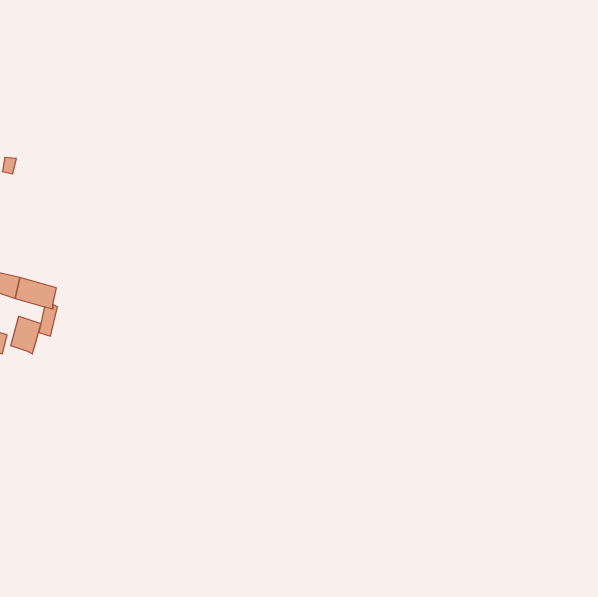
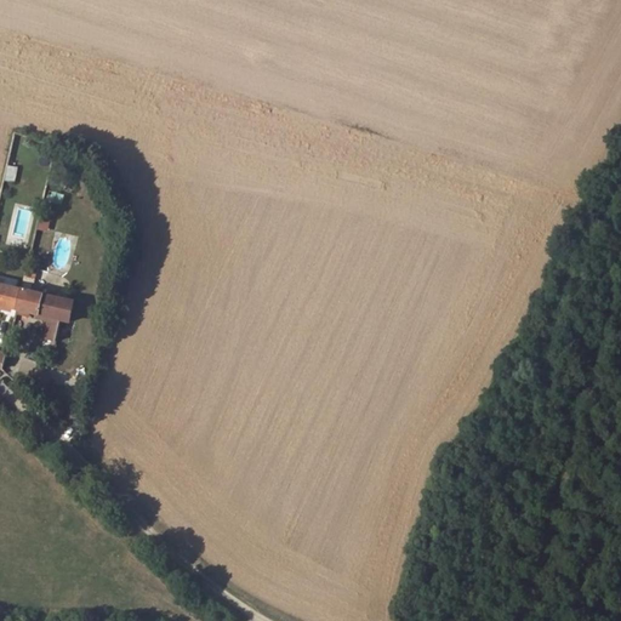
building: [11,316,41,354] -> none

